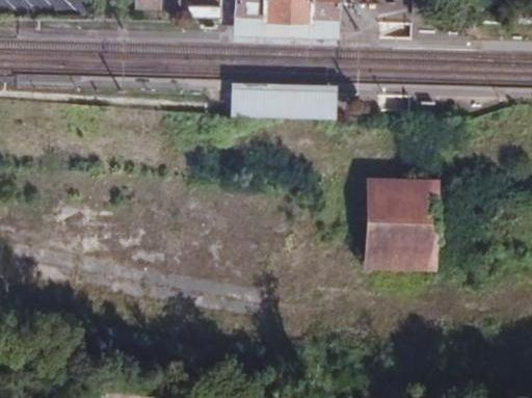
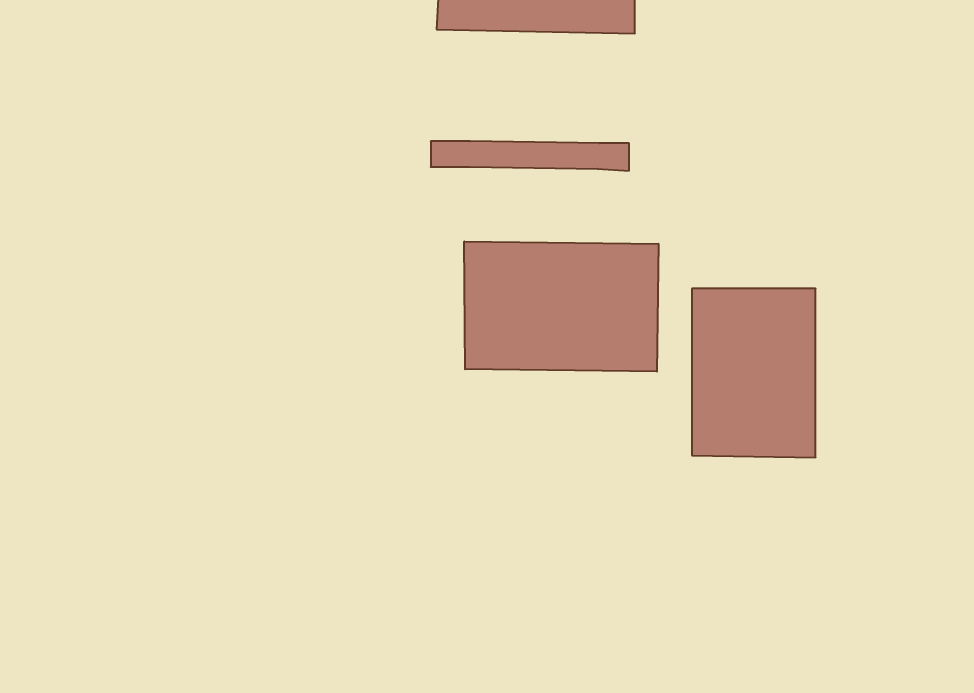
building: none -> [464,241,658,372]

